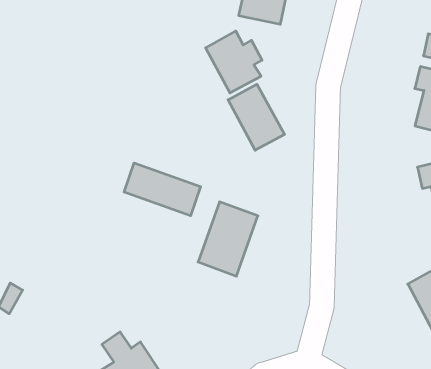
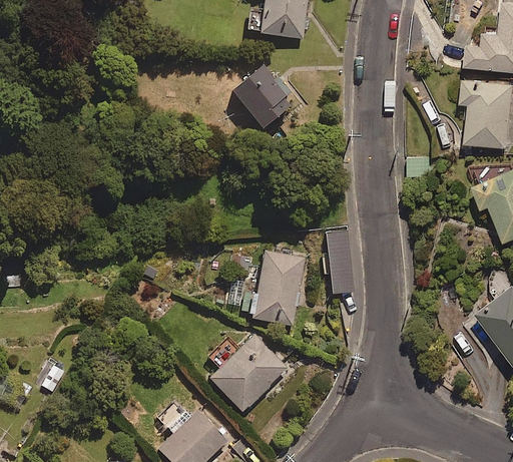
building: [228,84,285,150] -> none
building: [124,163,201,216] -> none
building: none -> [204,334,288,414]

